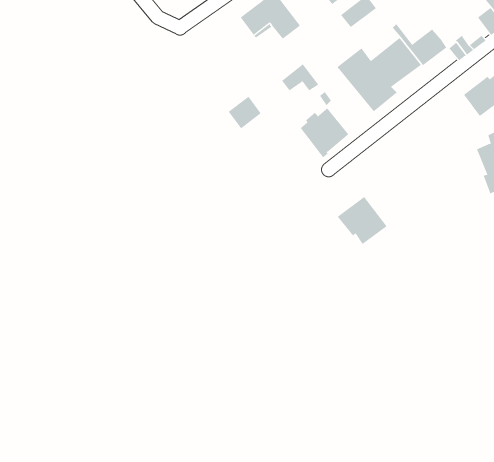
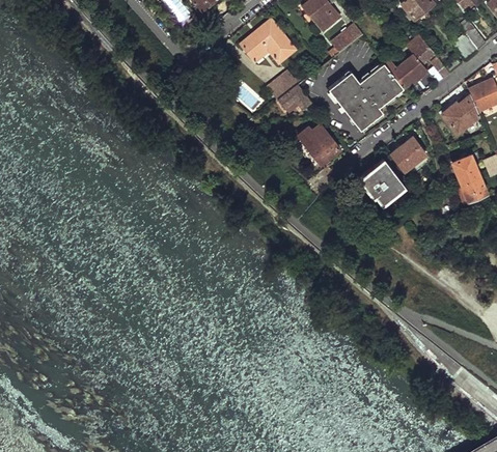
building: none -> [408,35,437,64]
building: [228,96,261,129] -> [268,69,298,100]
building: none -> [391,138,426,172]
building: [337,196,387,245] -> [359,160,405,203]

